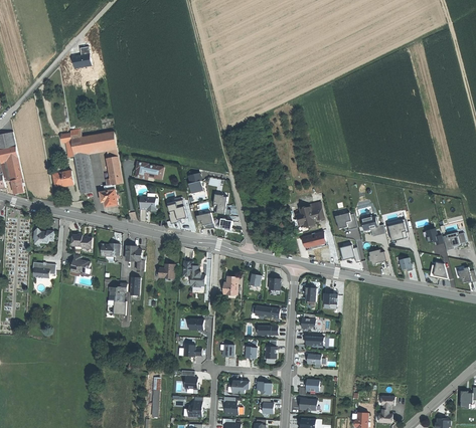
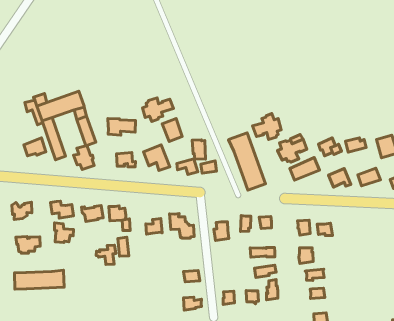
building: none -> [142,98,174,122]
building: none -> [253,113,281,139]
building: none -> [228,133,265,190]
building: none -> [14,270,64,289]

